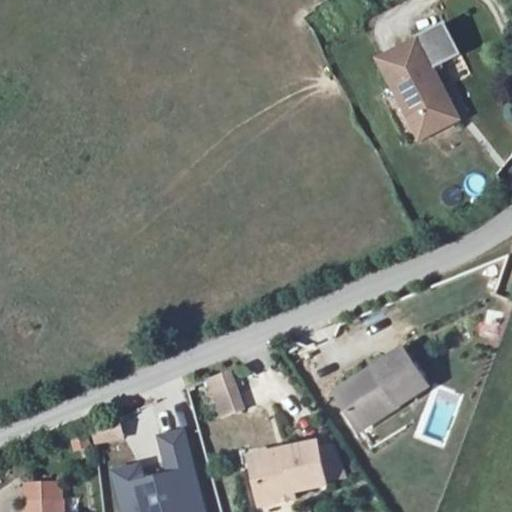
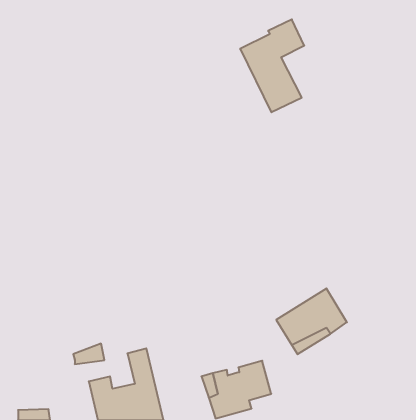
building: [382,21,460,134] -> [240,19,304,112]
building: [204,371,241,415] -> none

